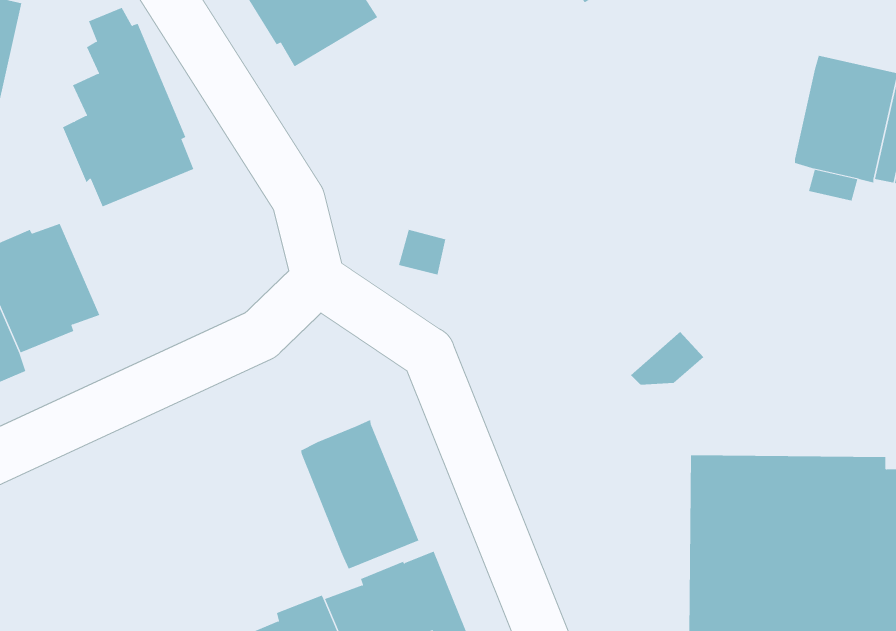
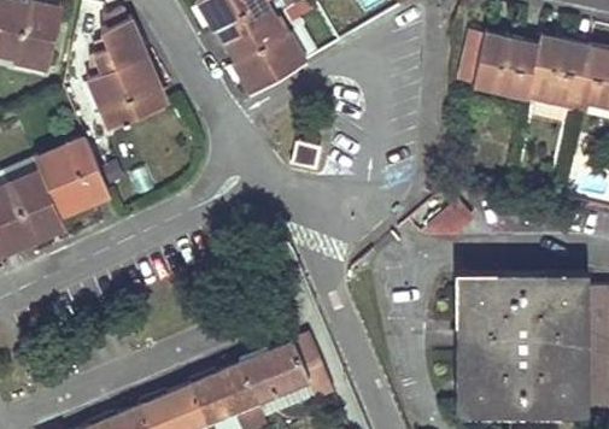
building: none -> [226,13,308,92]
building: none -> [458,33,539,99]
building: [300,419,419,569] -> none

